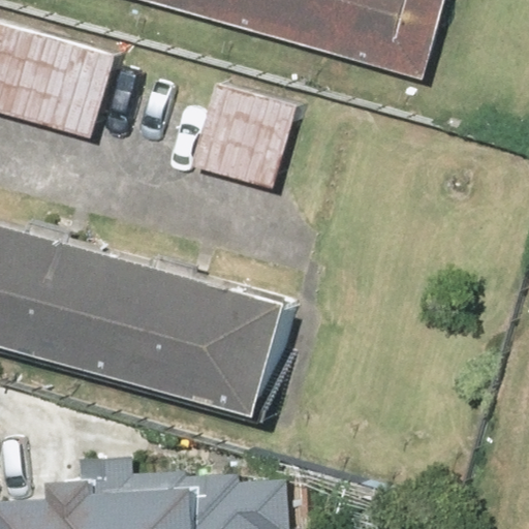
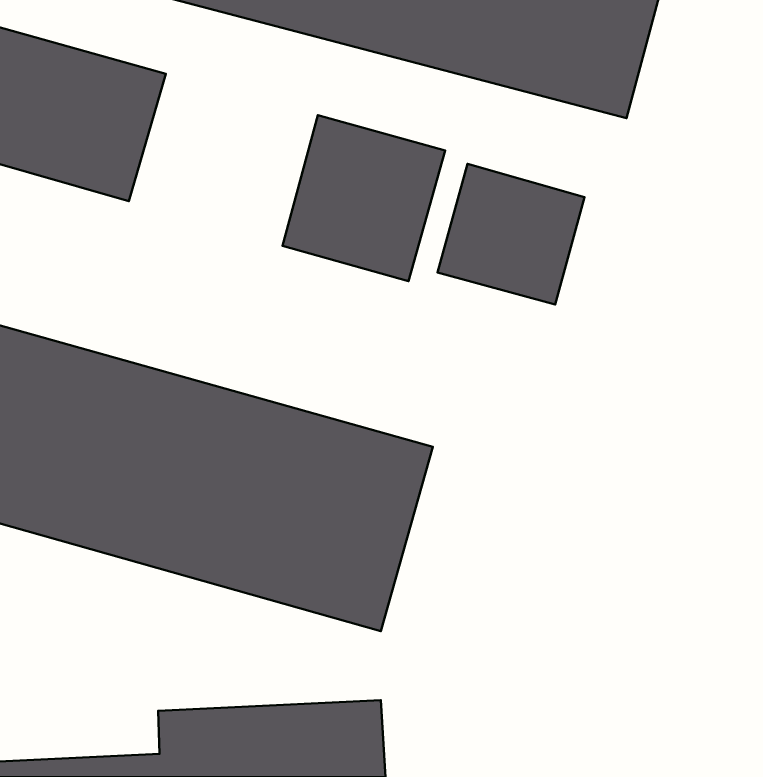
building: none -> [437,164,585,305]

